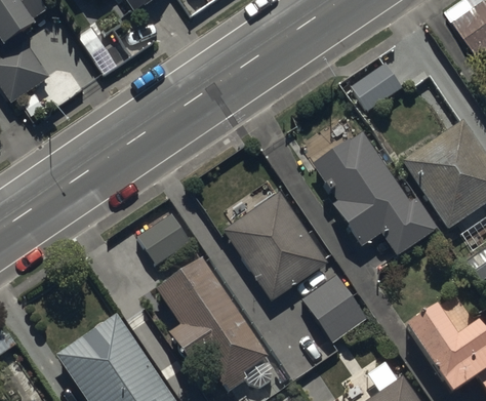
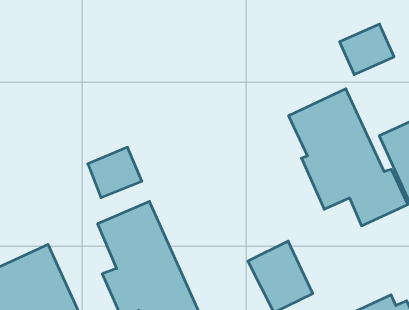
building: [224,182,328,305] -> none

